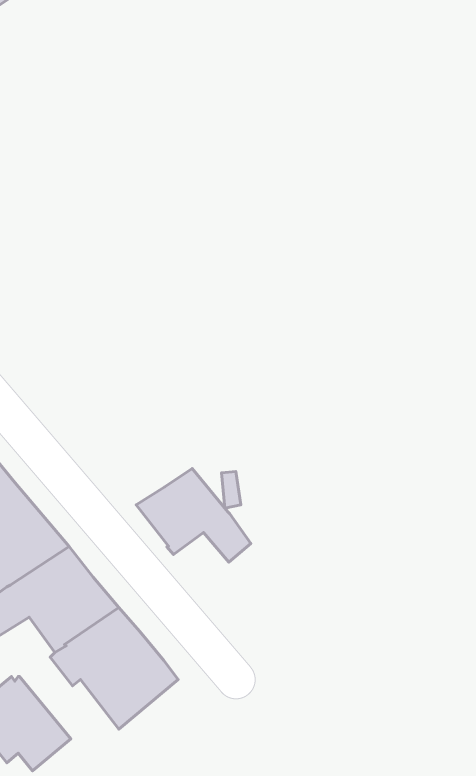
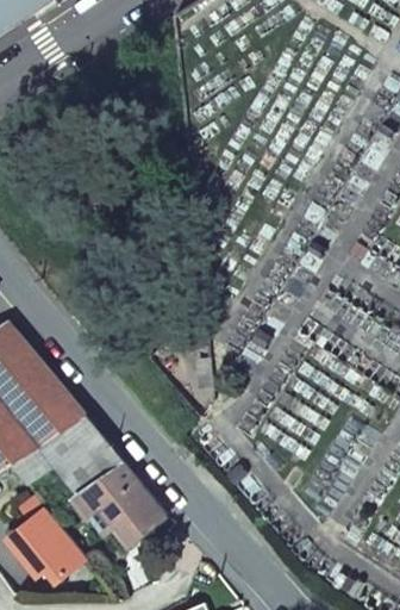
building: [136,469,251,562] -> none

